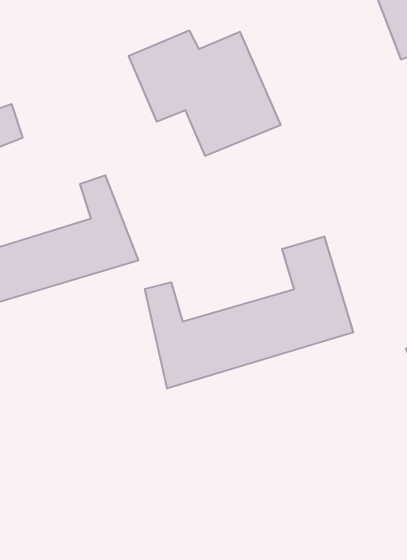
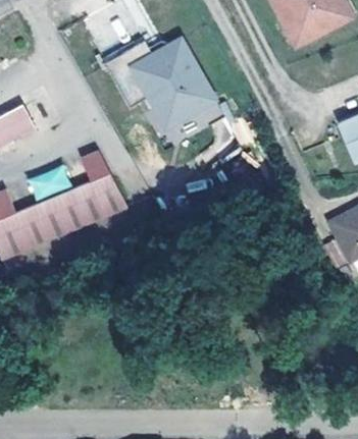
building: [145,236,353,389] -> none

